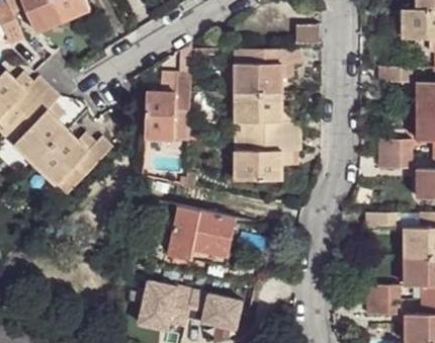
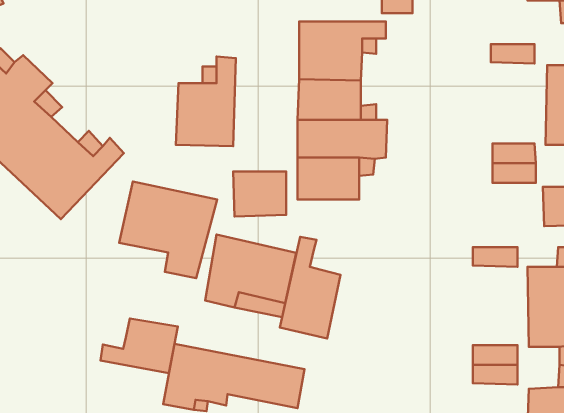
building: none -> [233,171,286,216]
building: none -> [119,181,217,278]
building: none -> [280,237,341,338]
building: none -> [101,318,178,373]

